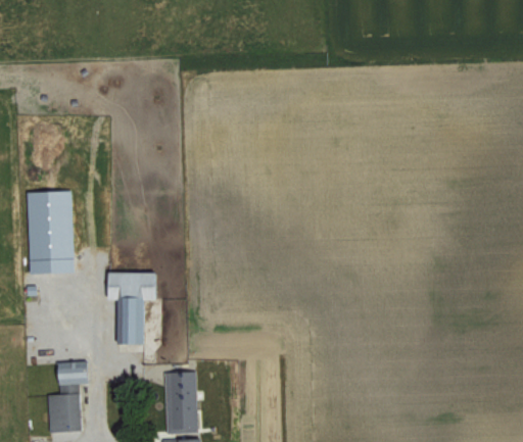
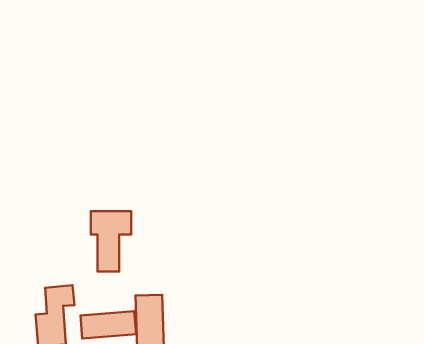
building: [26,191,74,275] -> none
building: none -> [80,311,136,339]

